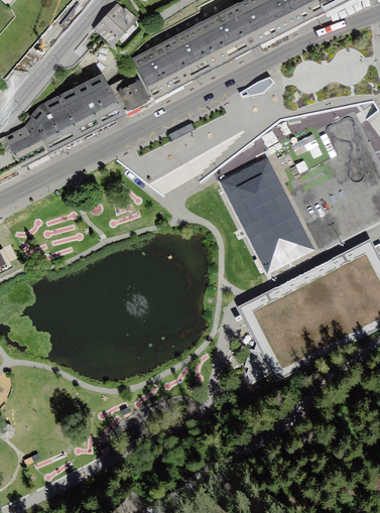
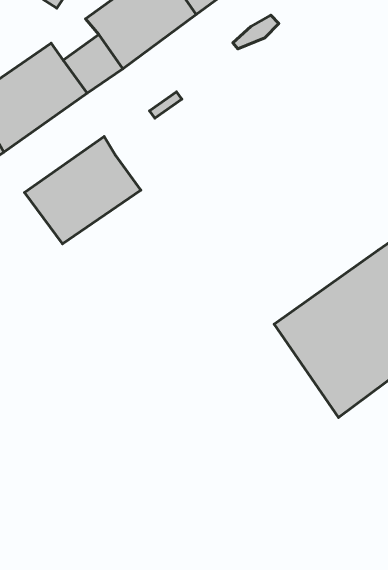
building: none -> [24,136,141,244]
building: [220,152,314,270] -> none

